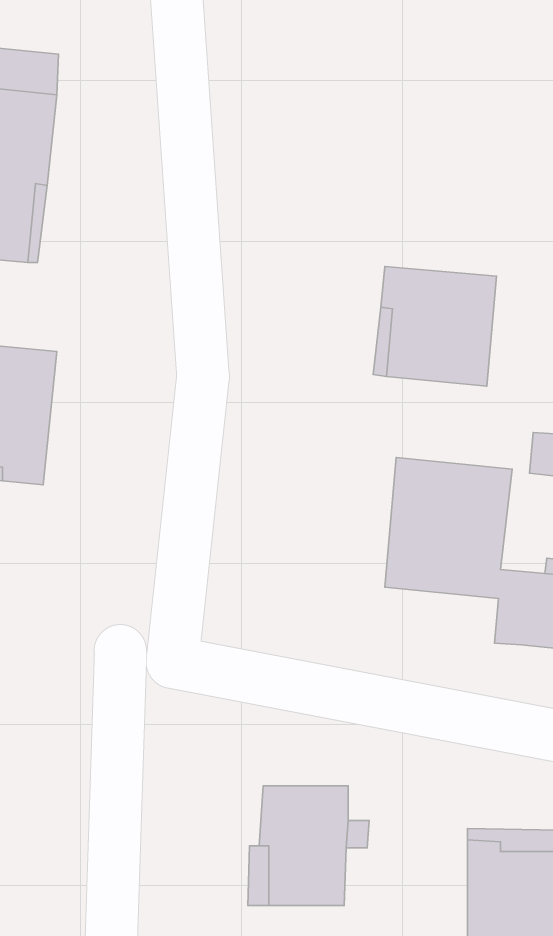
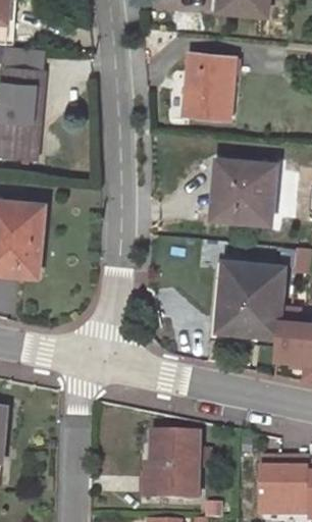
building: none -> [185,52,236,118]

